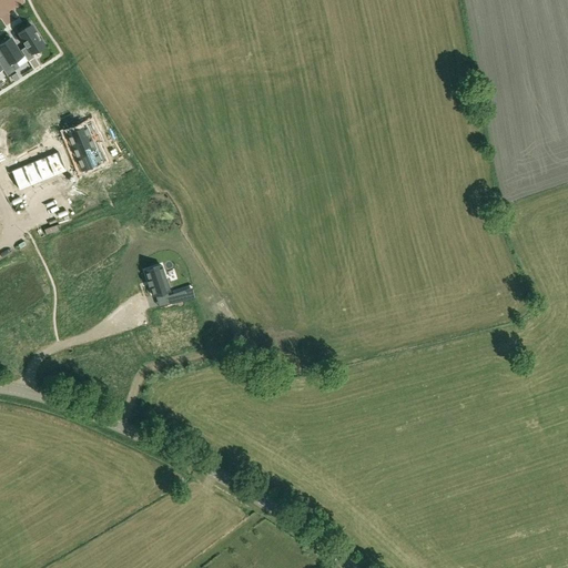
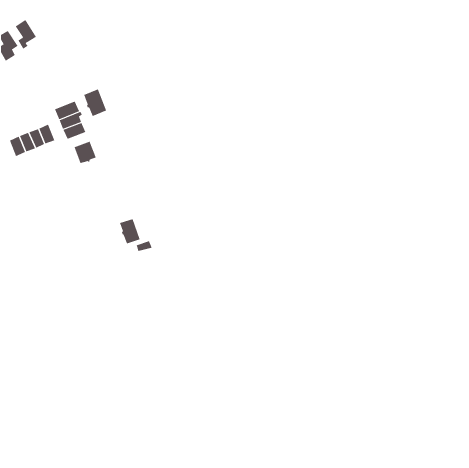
building: none -> [84,89,107,117]
building: none -> [74,141,96,164]

